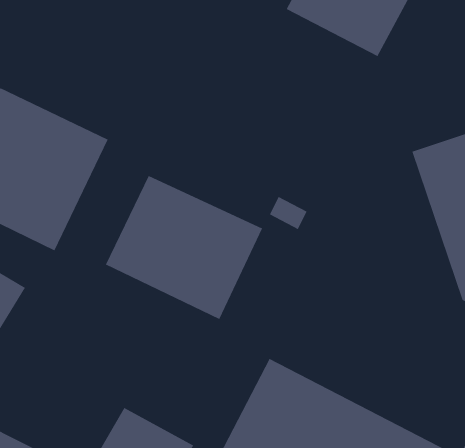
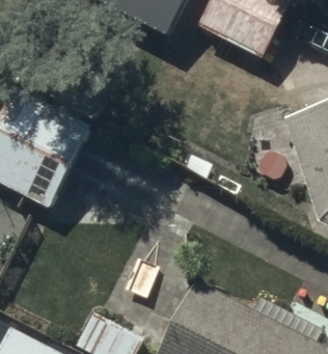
building: [105,175,263,320] -> none

